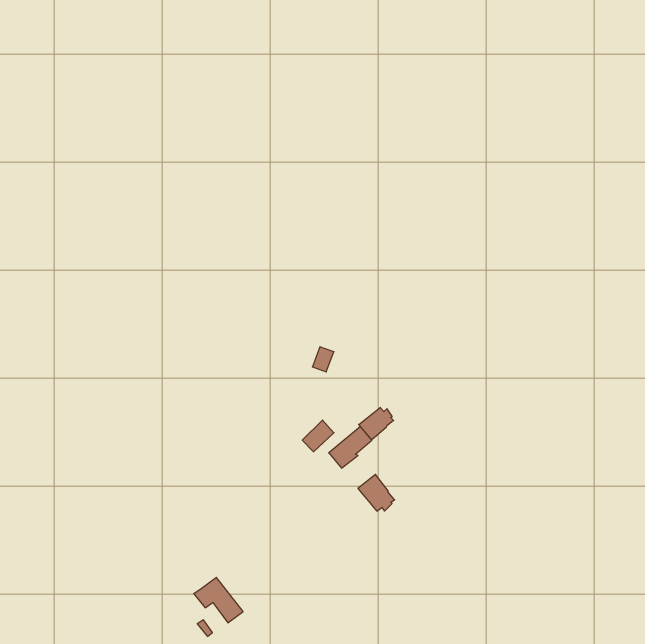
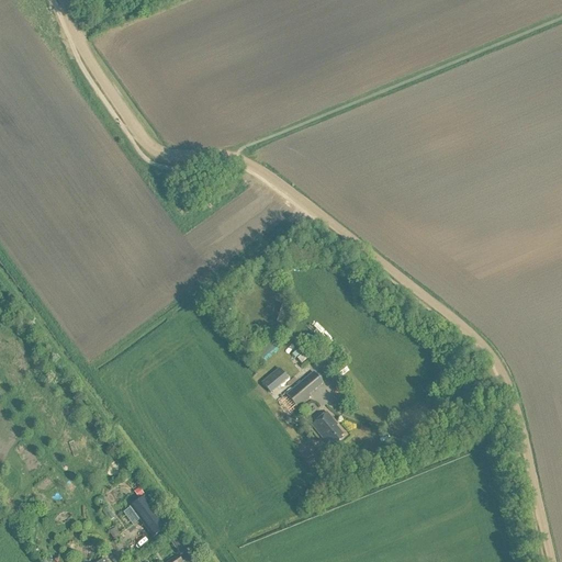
building: [359,407,394,440] -> none
building: [194,577,243,623] -> [122,497,165,537]

